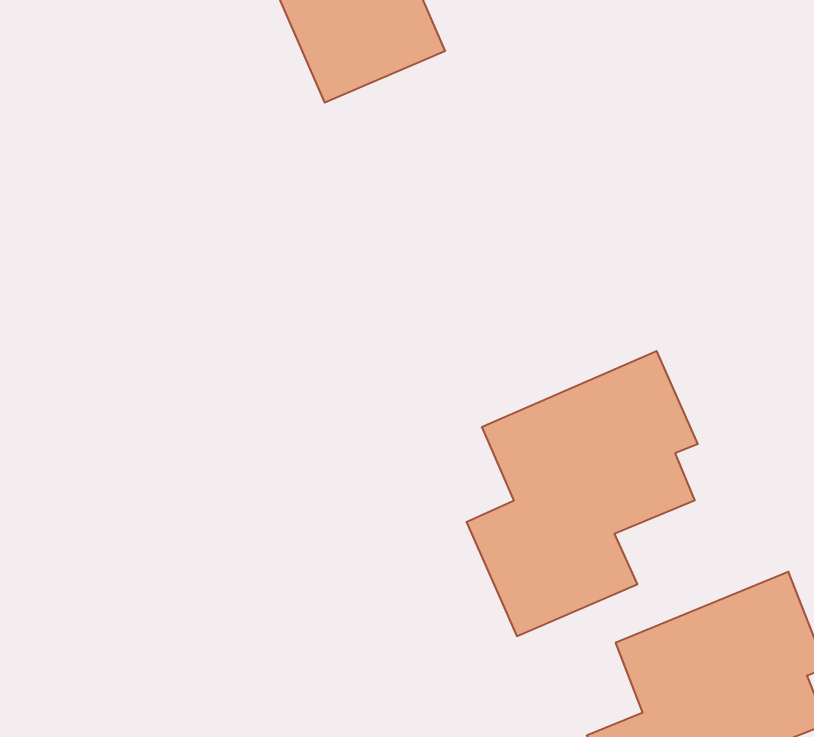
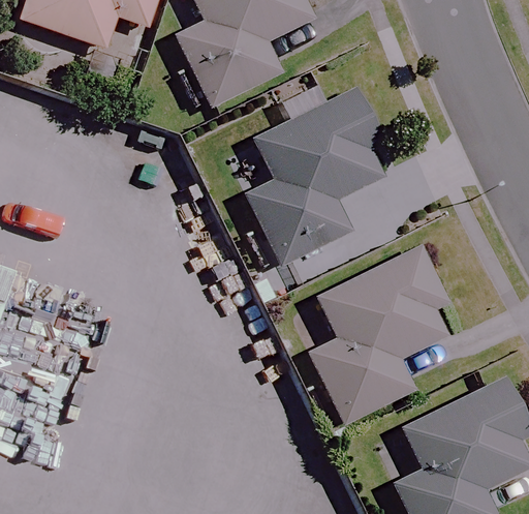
building: none -> [246,88,385,265]

